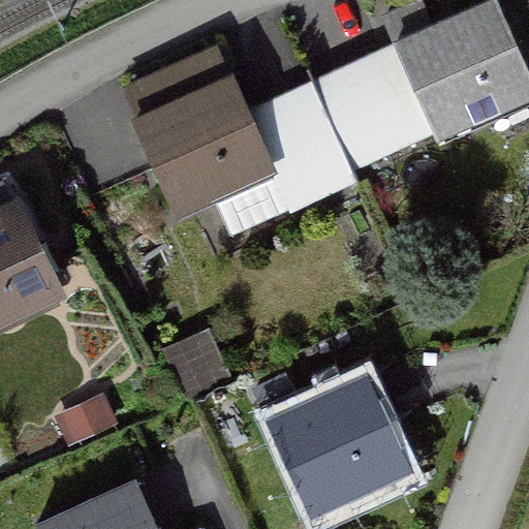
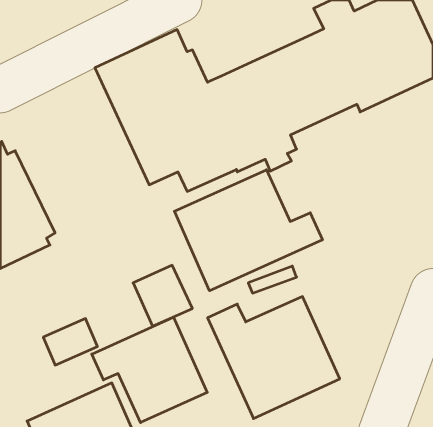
building: none -> [174,170,322,291]
building: none -> [92,317,207,423]

